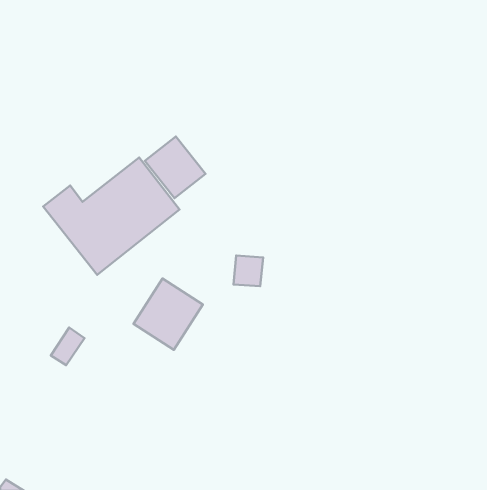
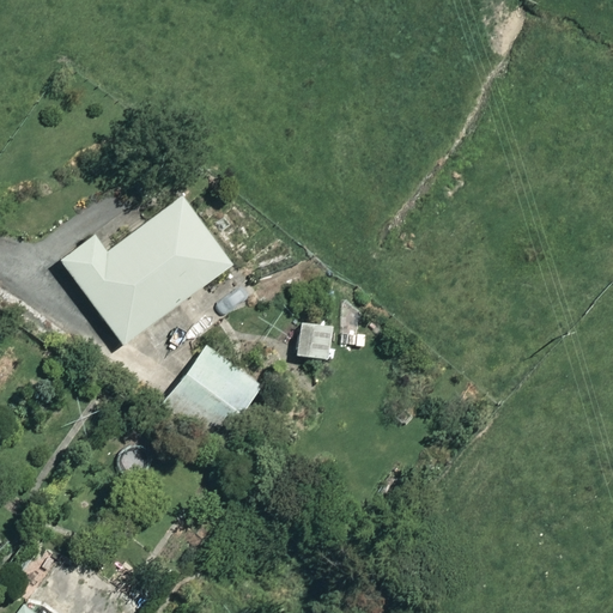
building: [145,136,205,198] -> none

